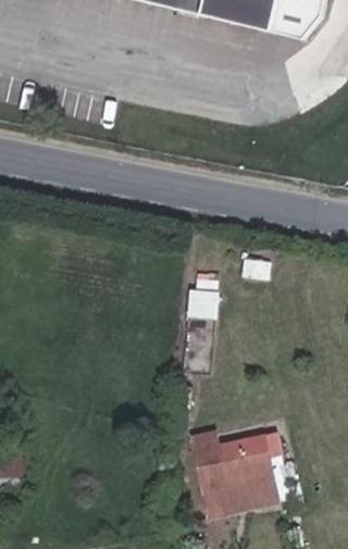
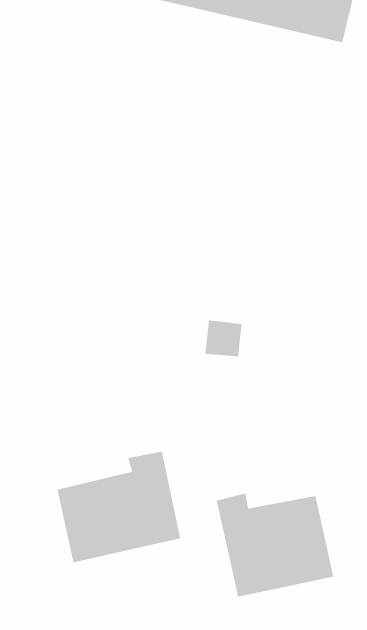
building: none -> [57,451,181,563]

